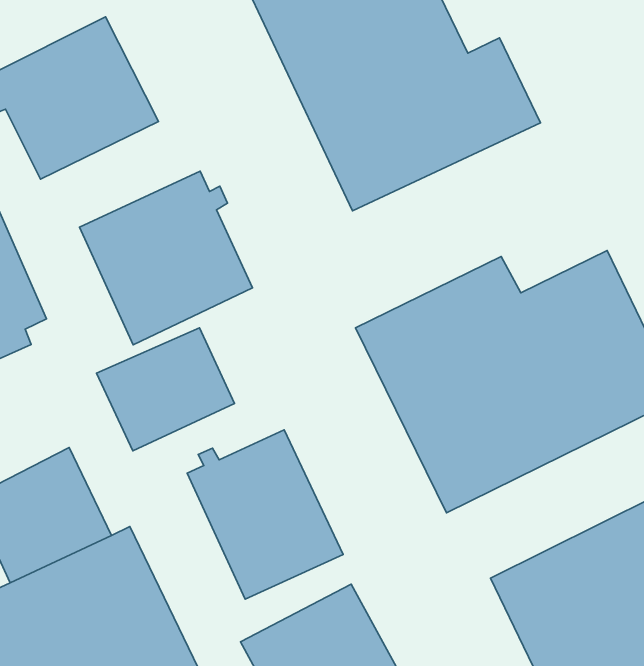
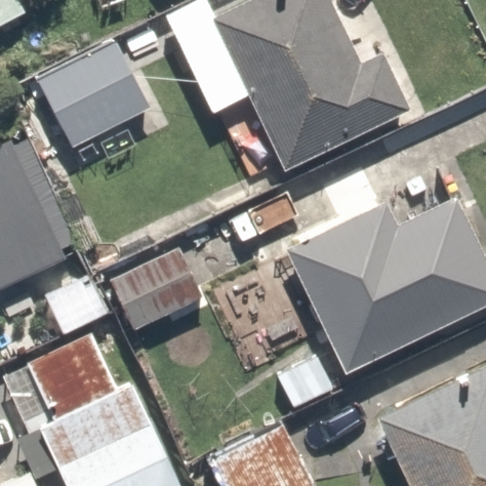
building: [80,171,252,345] -> none
building: [187,430,343,599] -> none

